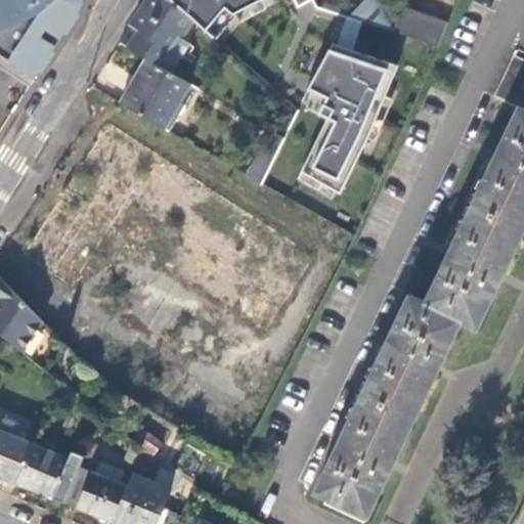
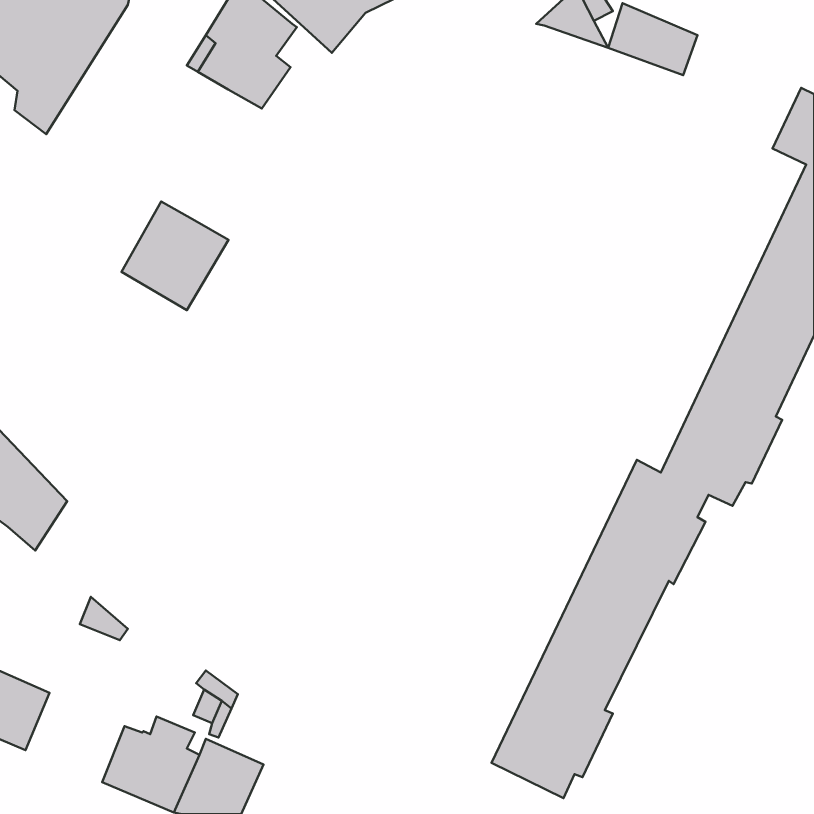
building: [300,40,396,191] -> none
building: [121,57,189,127] -> [121,202,228,310]
building: [16,444,81,501] -> none

